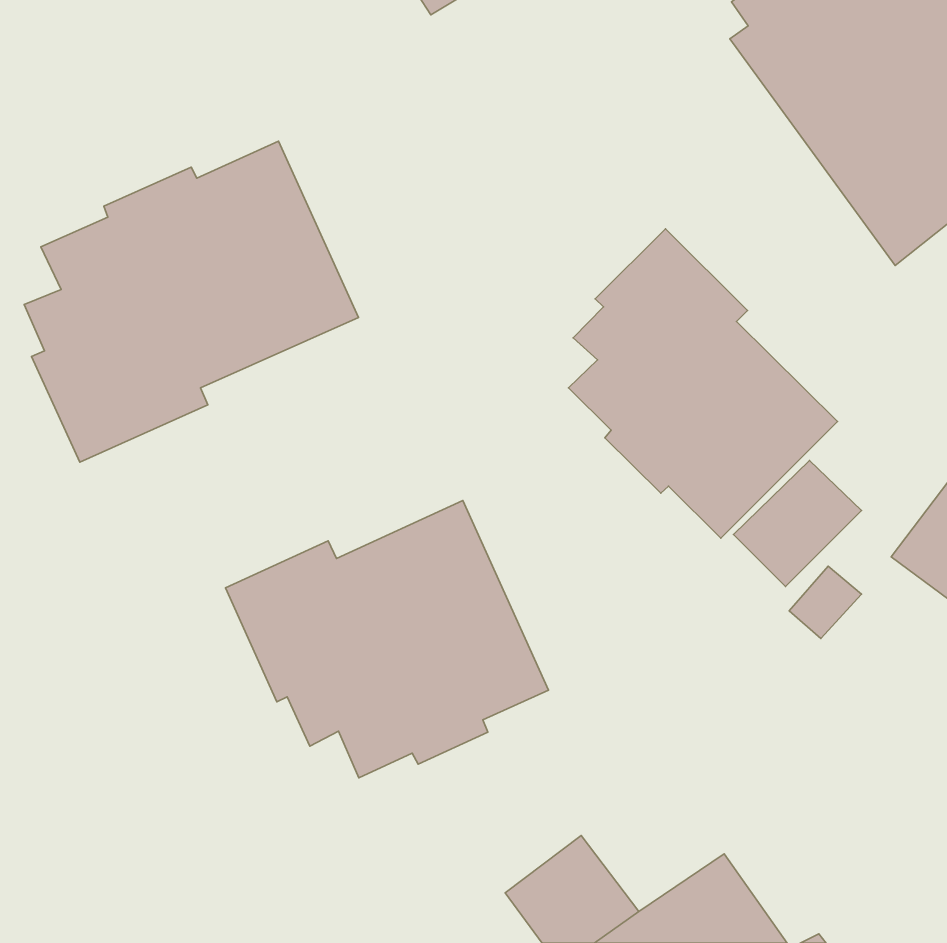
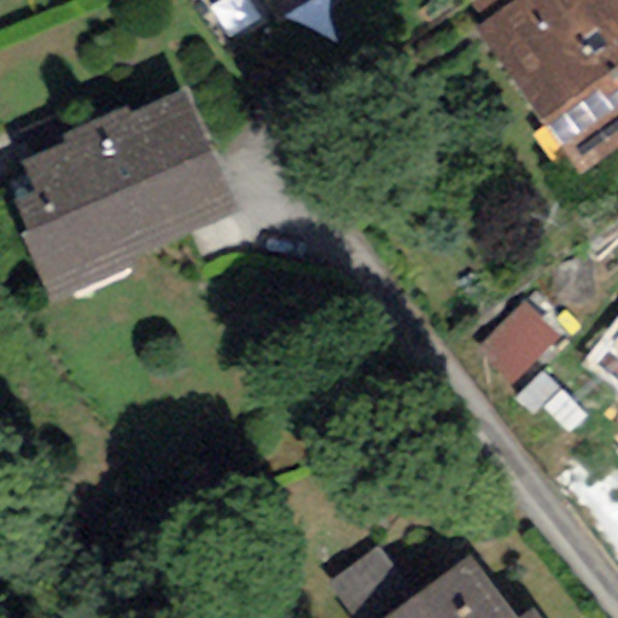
building: [568,229,838,538] -> none
building: [226,501,549,778] -> none

